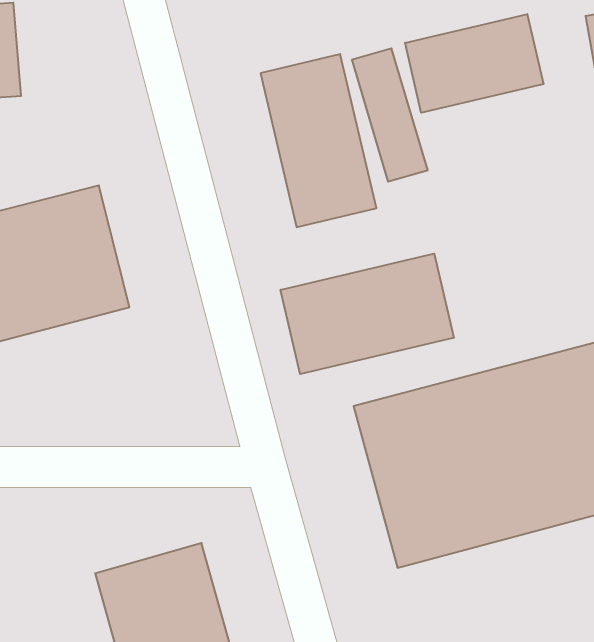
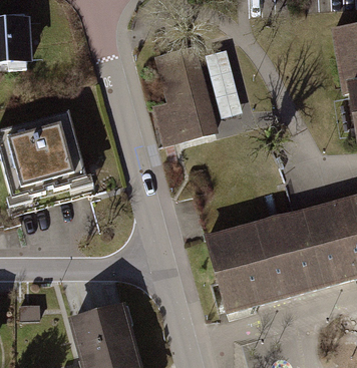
building: [405,14,543,113] -> none
building: [281,254,454,374] -> none

